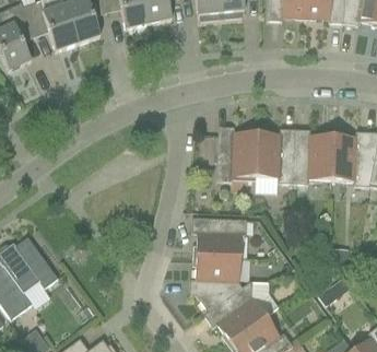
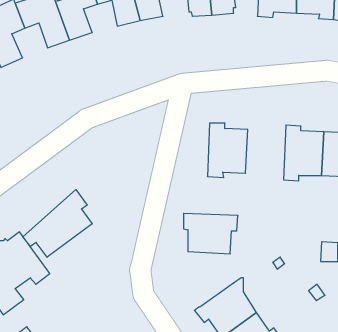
building: [255,128,295,183] -> none
building: none -> [23,190,92,257]
building: [189,255,243,310] -> none

